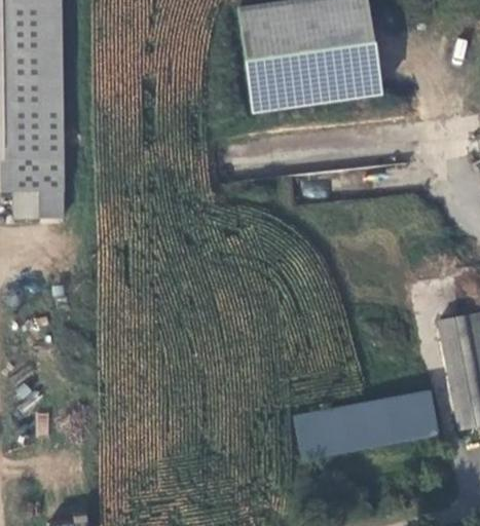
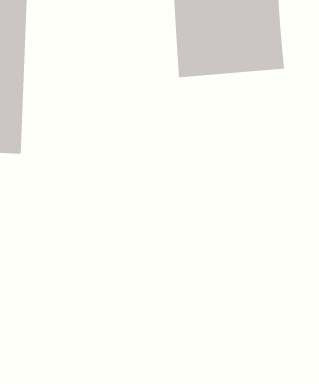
building: [294,389,439,460] -> none

